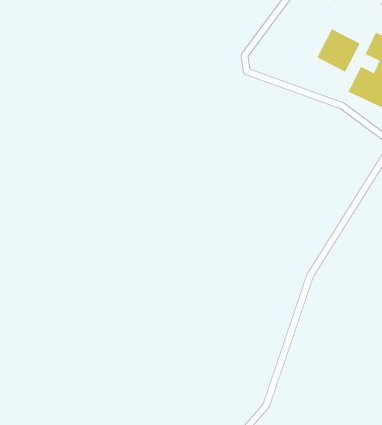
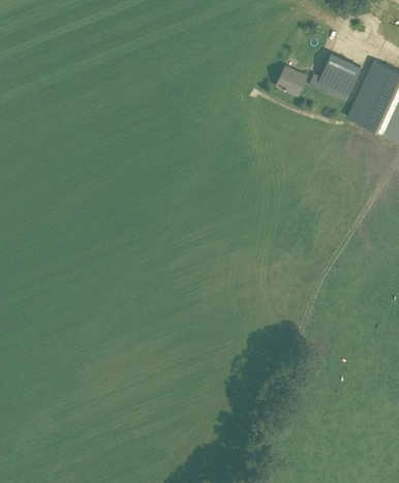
building: none -> [275,66,306,95]

